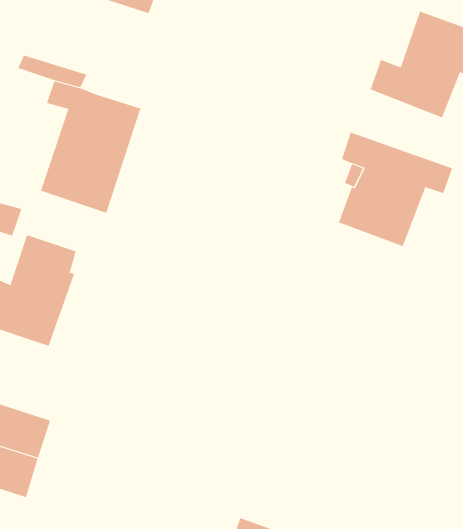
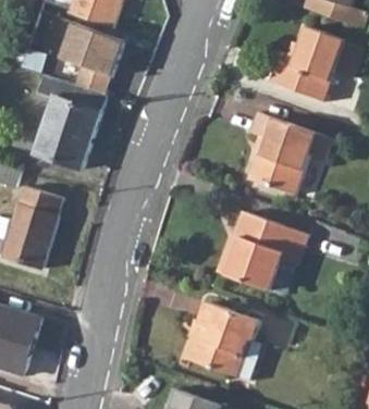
building: none -> [62,24,121,95]
building: none -> [224,213,307,295]
building: none -> [185,302,260,380]

